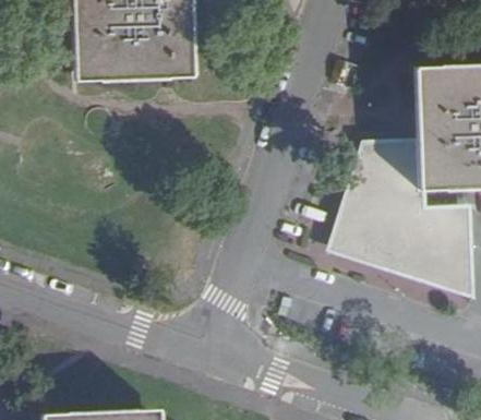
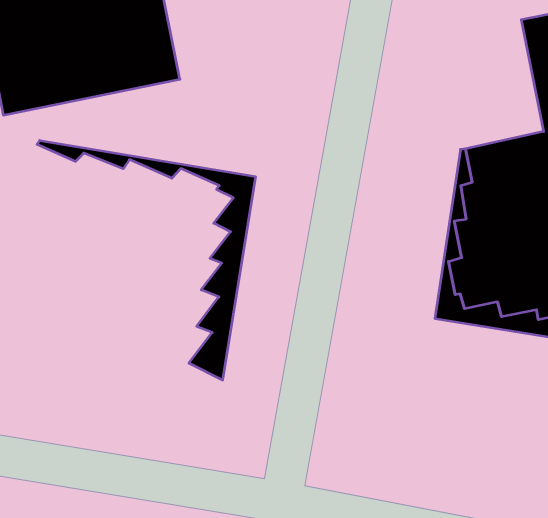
building: none -> [37,140,255,380]

